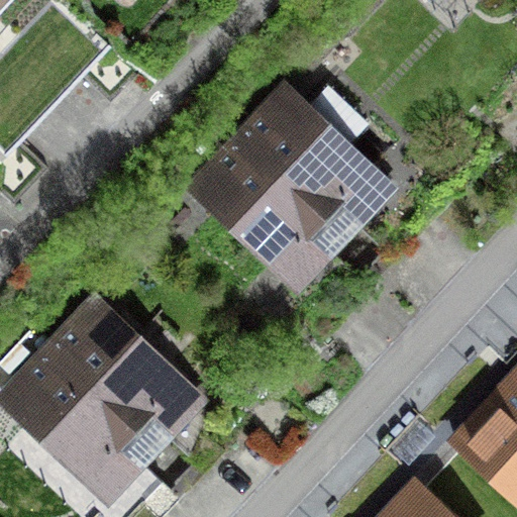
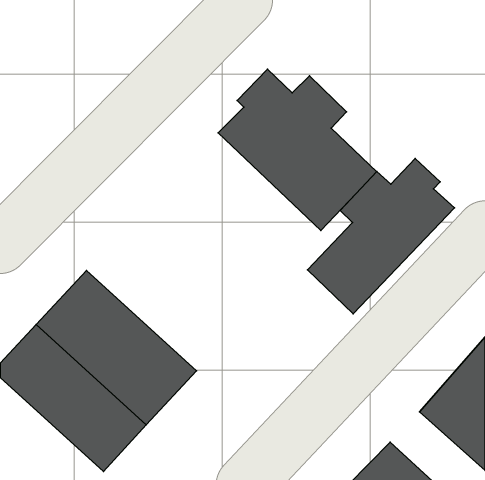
building: [189,146,341,297] -> none
building: none -> [308,159,455,314]

